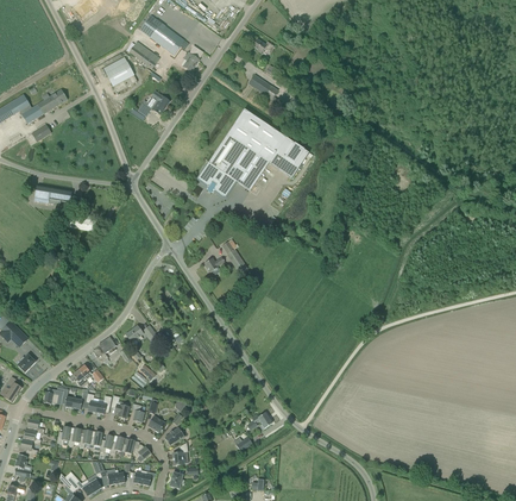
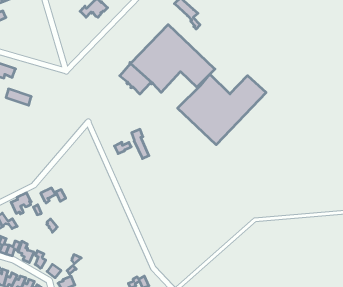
building: none -> [178,74,266,145]

